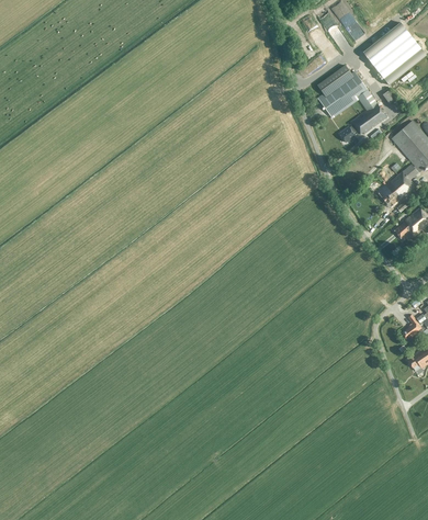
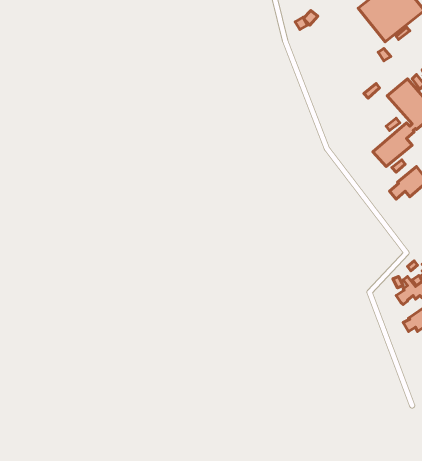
building: [317,65,387,142] -> none

